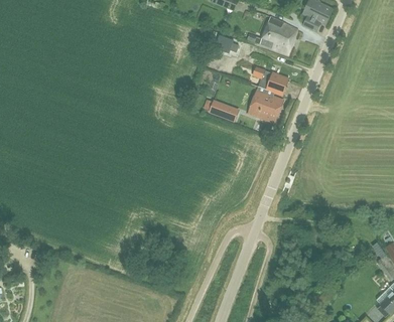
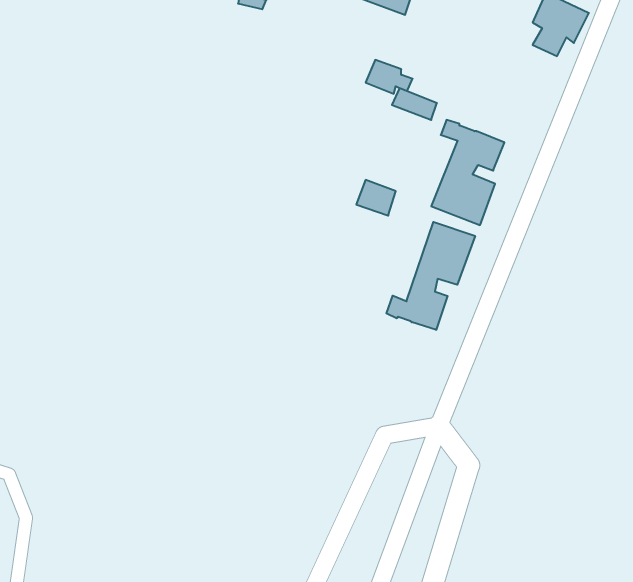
building: [242,16,297,54] -> none
building: none -> [386,222,475,330]

